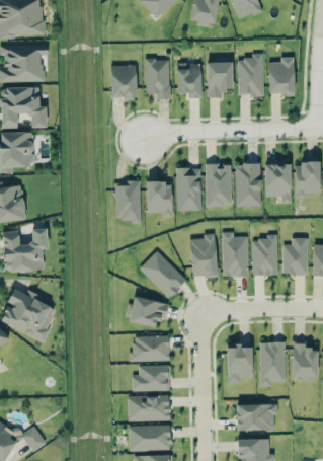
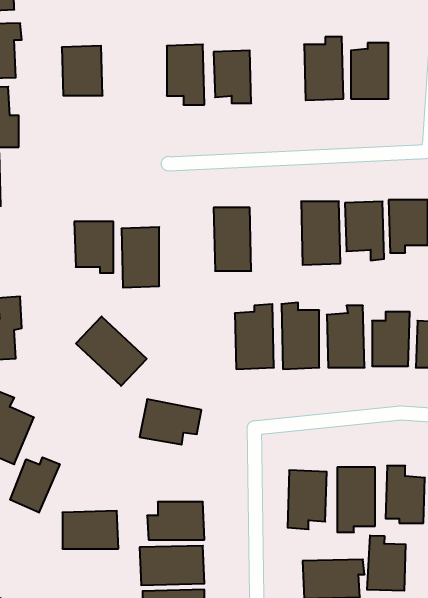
building: [207,62,232,98] -> none
building: [109,65,137,98] -> [62,46,103,96]
building: [206,164,231,206] -> none
building: [146,182,172,217] -> [74,222,113,273]
building: [139,251,186,298] -> [76,316,147,386]
building: [132,335,169,361] -> [62,511,118,549]
building: none -> [10,457,60,513]
building: none -> [367,535,406,591]

